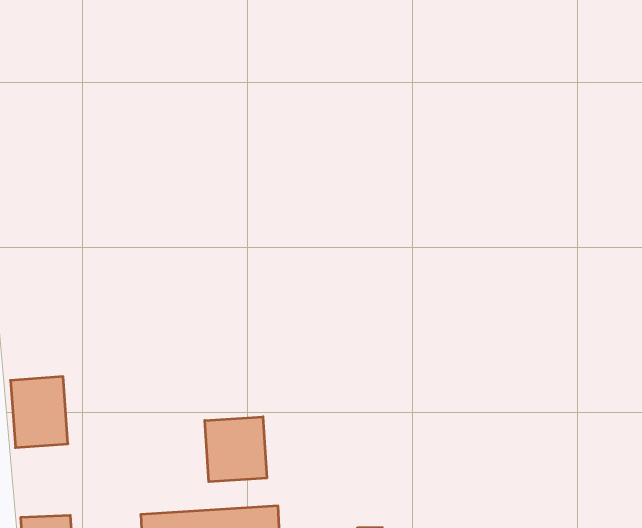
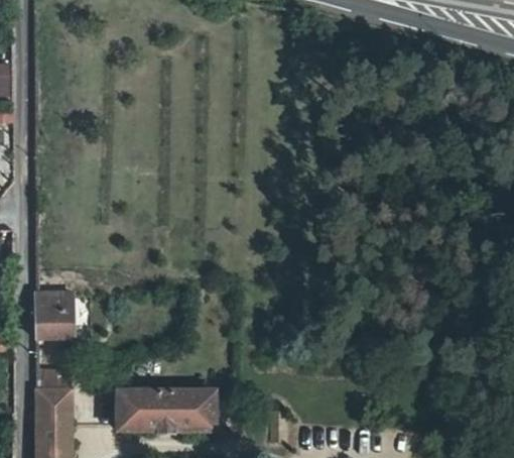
building: [205,417,267,482] -> none

